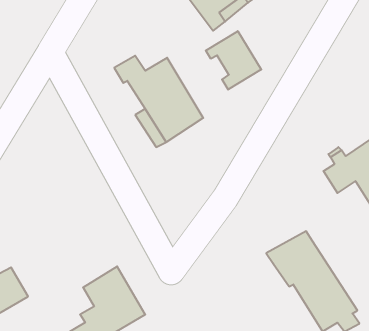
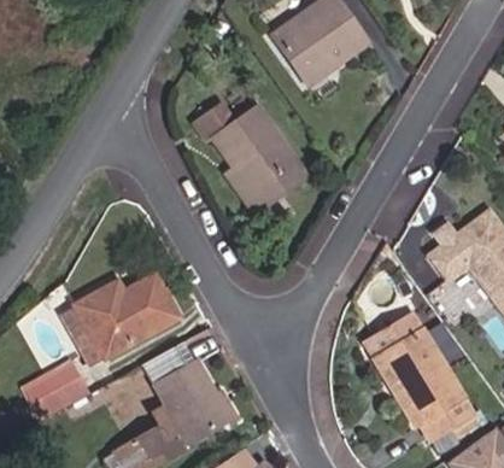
building: [206,31,261,90] -> none
building: none -> [71,281,174,373]

